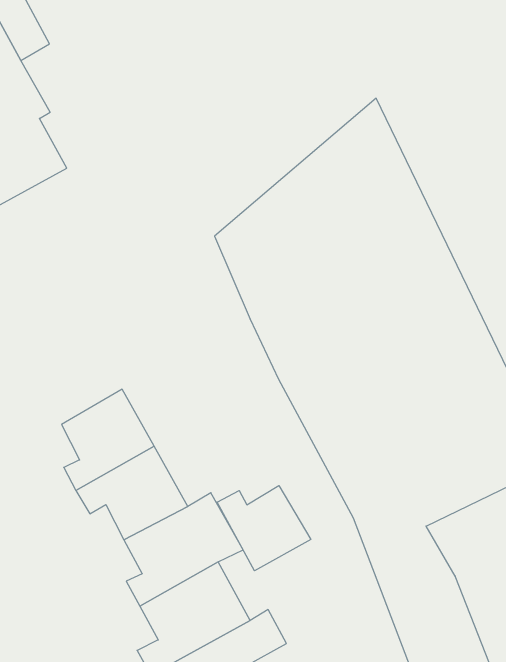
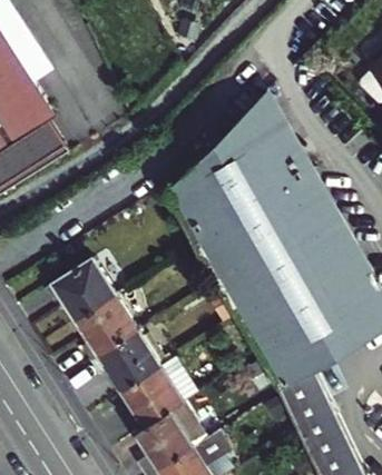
building: none -> [43,255,114,315]
building: [217,486,311,571] -> none

